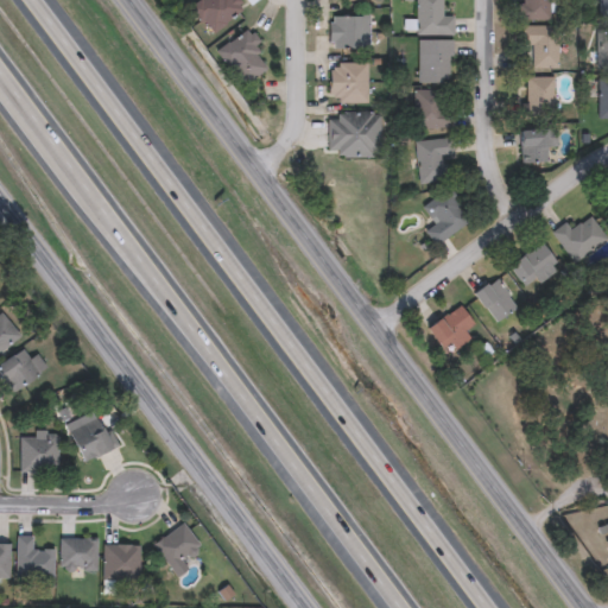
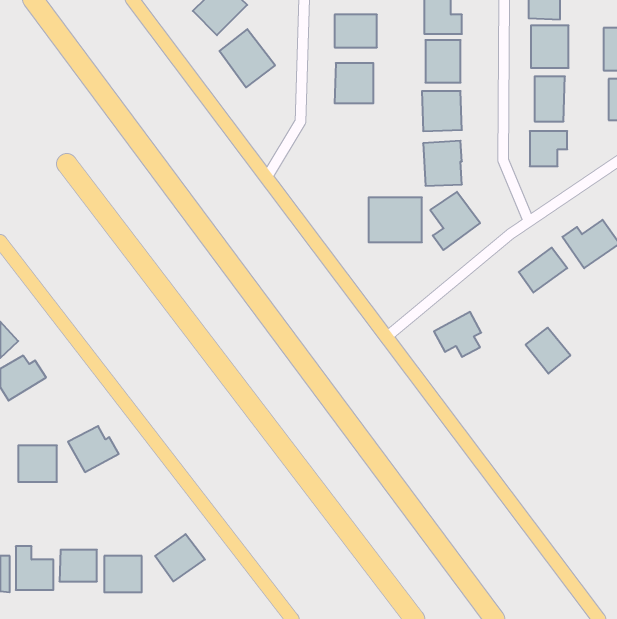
building: [330,110,382,154] -> [369,197,422,242]
building: [475,277,519,322] -> [526,328,570,374]

